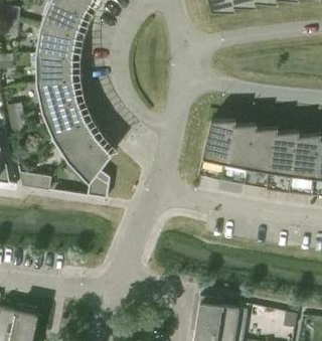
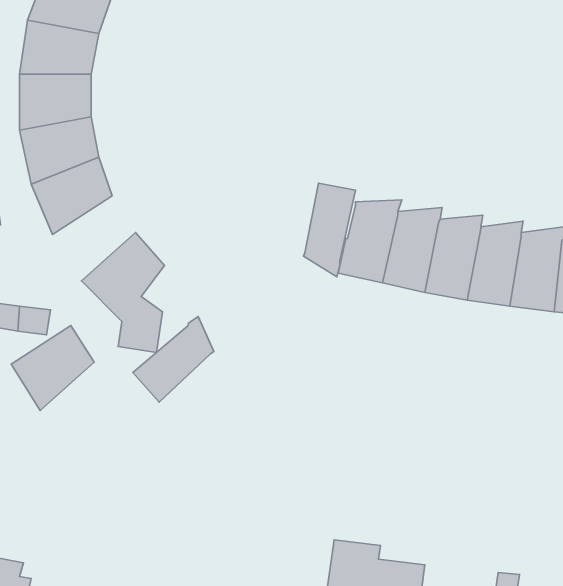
building: none -> [303,183,356,277]
building: [52,118,96,162] -> [11,325,94,410]
building: none -> [133,317,214,402]

